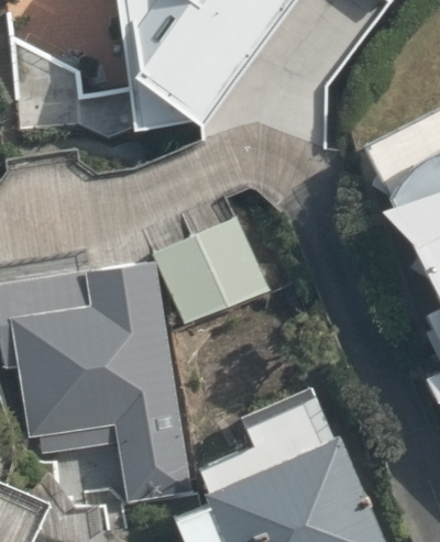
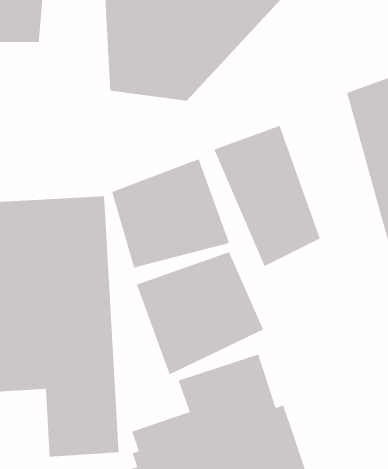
building: none -> [213,125,321,267]
building: none -> [136,251,264,375]

